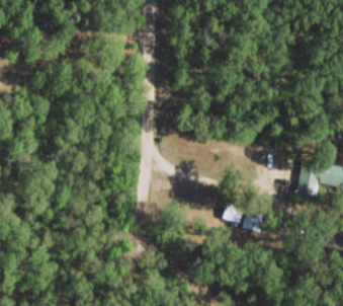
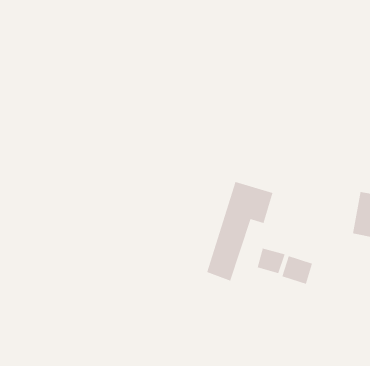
building: none -> [206,181,273,282]

